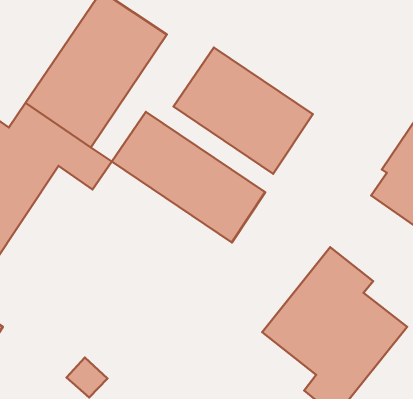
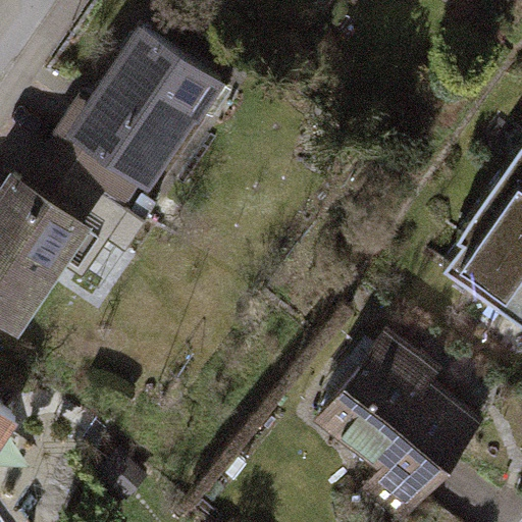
building: [174,48,313,174] -> none
building: [112,112,265,242] -> none

